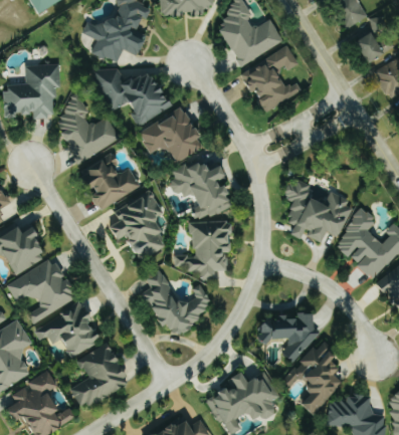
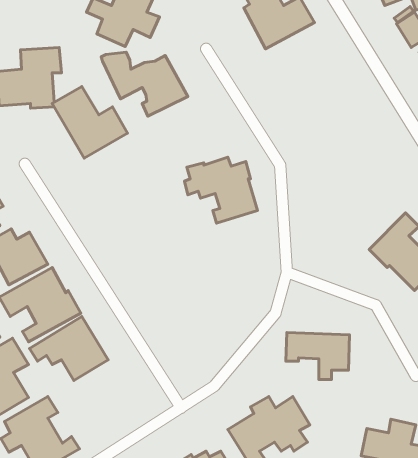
building: [240,46,301,111] -> none
building: [137,107,203,163] -> none
building: [84,155,139,210] -> none
building: [283,179,350,242] -> none
building: [108,193,167,258] -> none
building: [173,221,230,274] -> none
building: [143,270,214,333] -> none
building: [290,341,341,415] -> none
building: [68,343,129,410] -> none

